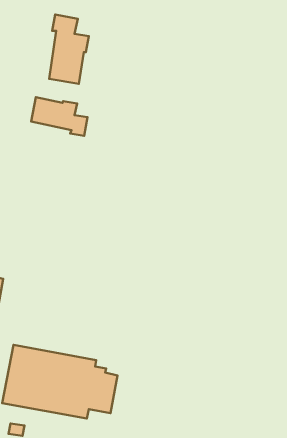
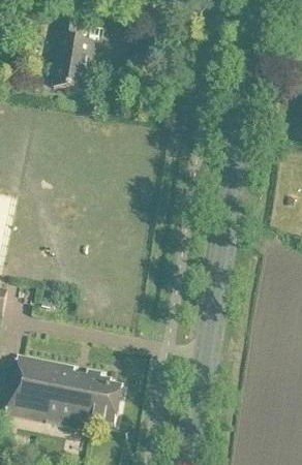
building: [31,97,88,136] -> none

